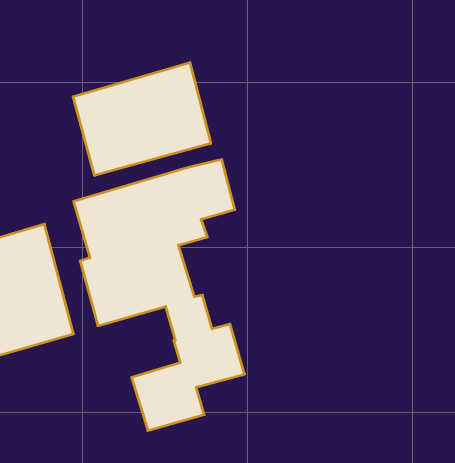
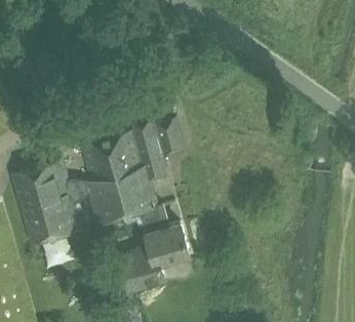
building: [73,62,211,176] -> none

